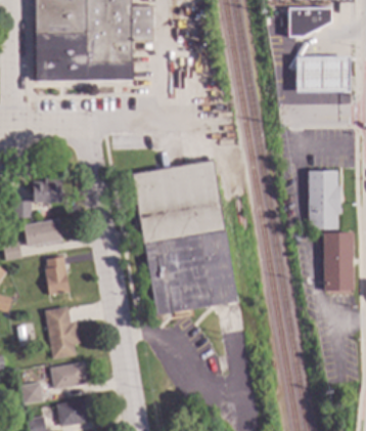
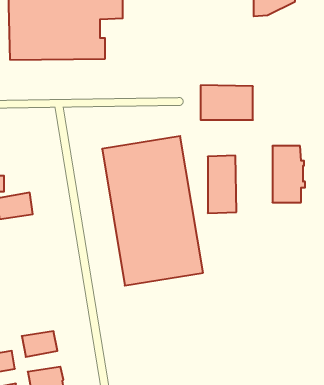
building: [296,55,351,91] -> [201,85,253,120]
building: [35,174,62,202] -> none
building: [324,231,354,291] -> [208,156,236,213]
building: [45,256,70,295] -> none
building: [45,306,80,358] -> none

